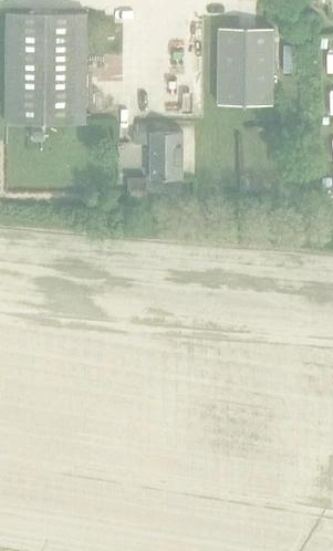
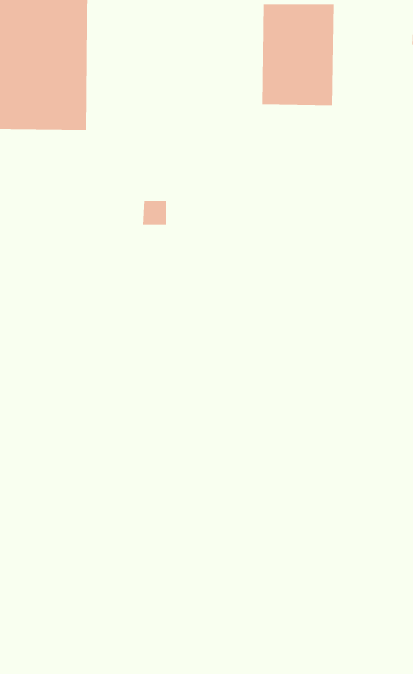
building: [134,132,180,178] -> none

